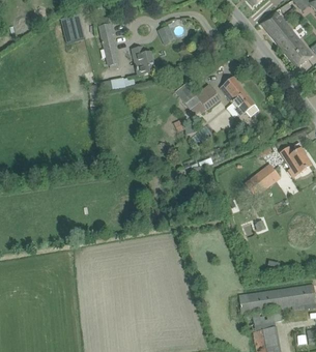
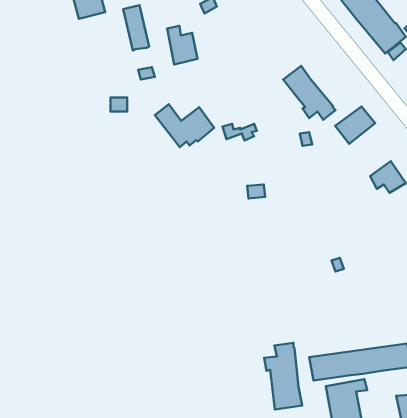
building: [175,82,220,114] -> [155,104,214,147]
building: [250,165,280,193] -> [335,107,375,144]
building: none -> [264,343,302,409]

